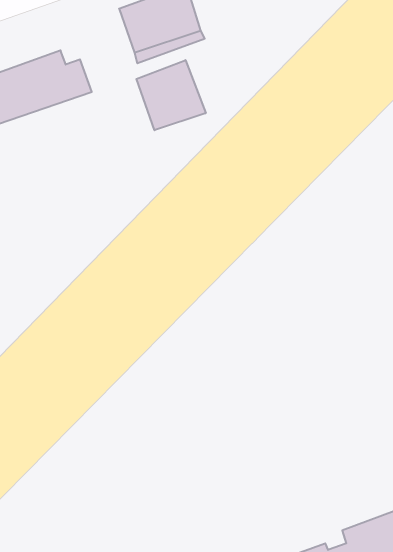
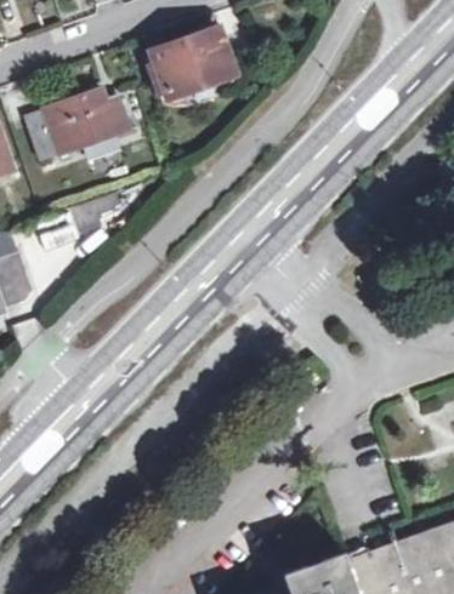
building: [136,60,206,130] -> none

